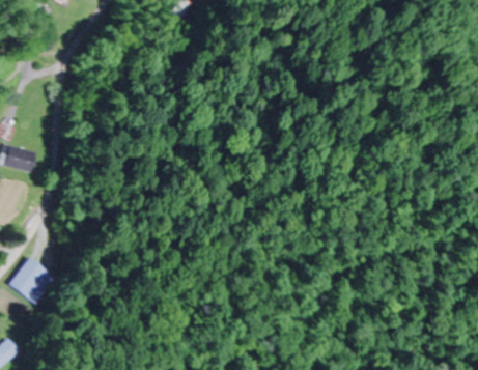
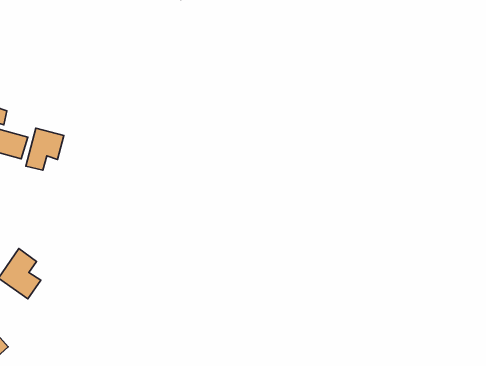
building: none -> [26,128,64,170]

